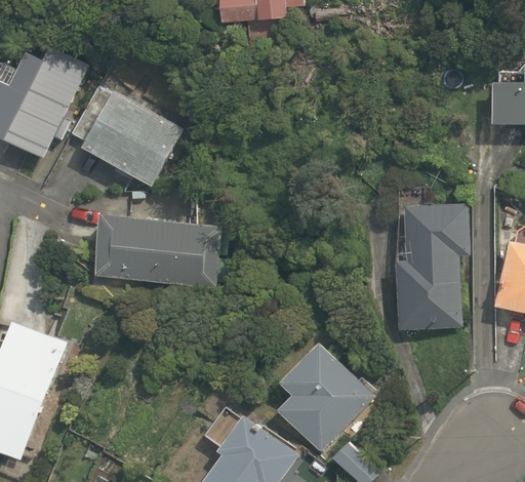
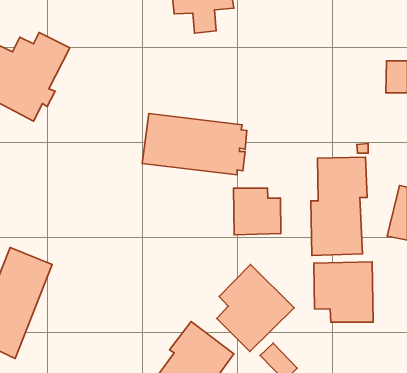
building: [71,86,185,186] -> none
building: [94,211,228,289] -> [142,114,247,175]
building: none -> [234,188,281,235]
building: none -> [314,262,373,322]

